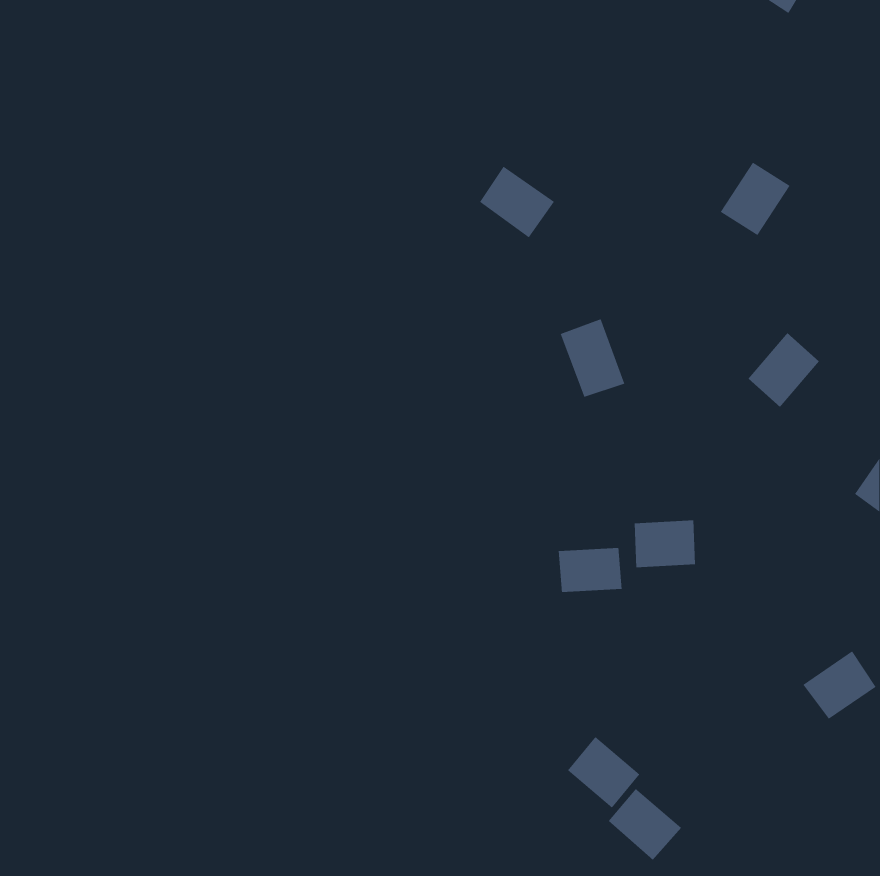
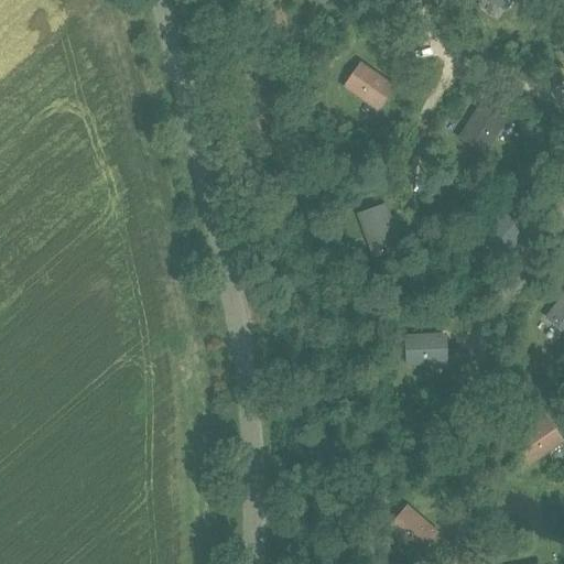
building: [479,166,555,238] -> [345,62,393,108]
building: [558,547,622,593] -> none
building: [567,736,640,809] -> none

